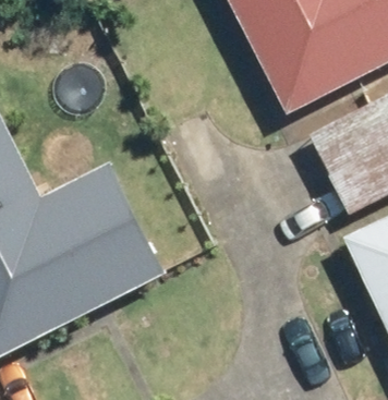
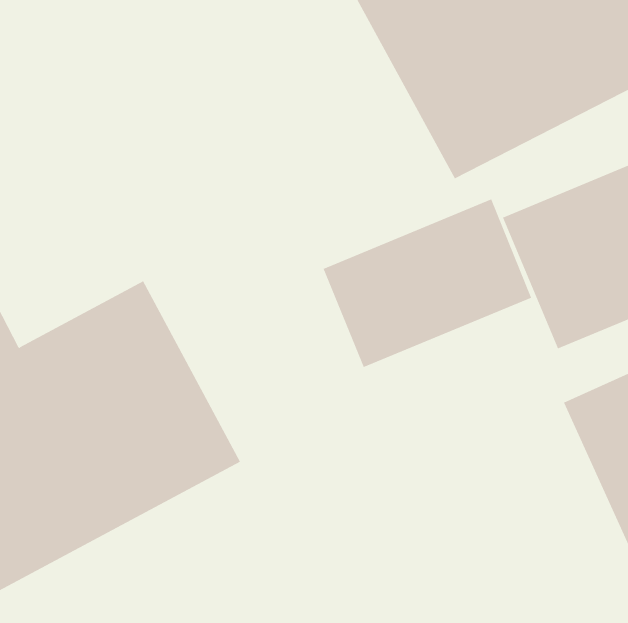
building: none -> [323,199,532,368]

